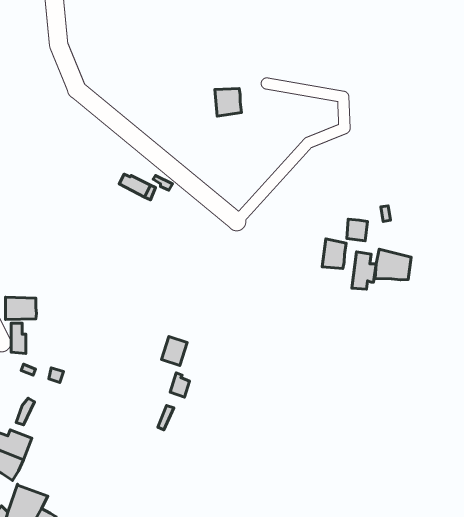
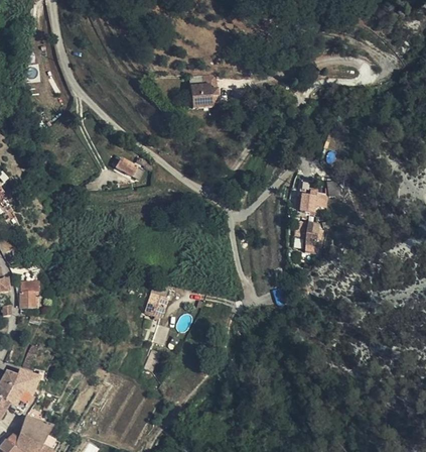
building: [322,239,346,269] -> none
building: [375,249,411,280] -> none
building: [6,297,37,320] -> none

